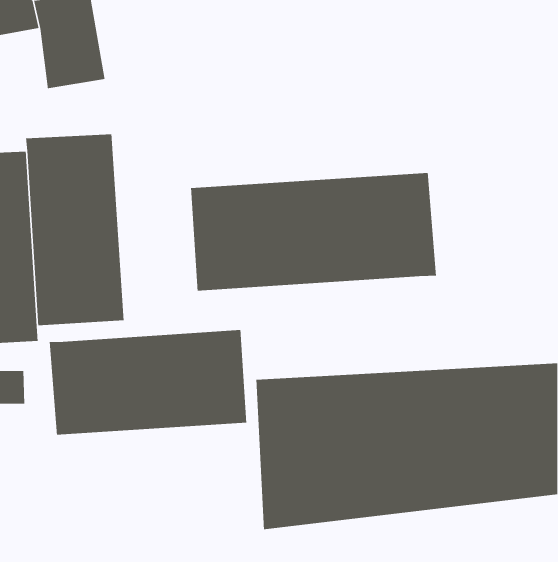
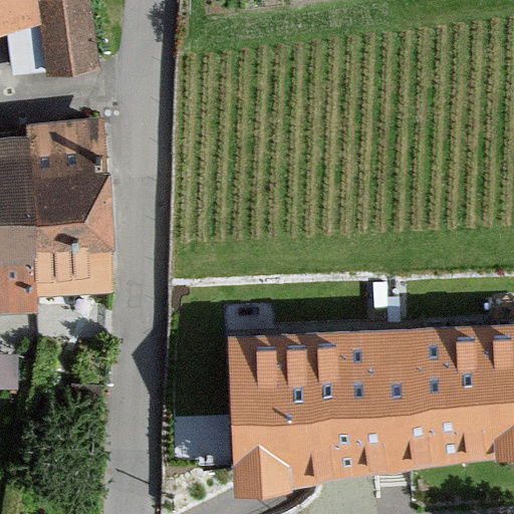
building: [190,172,437,291] -> none
building: [49,329,247,436] -> none

